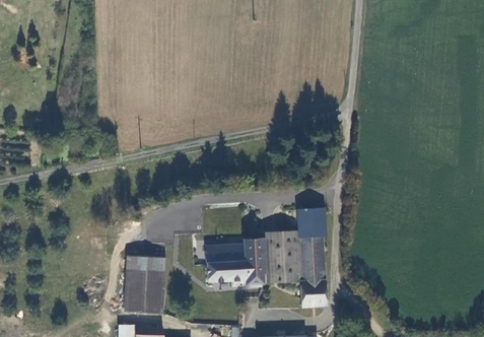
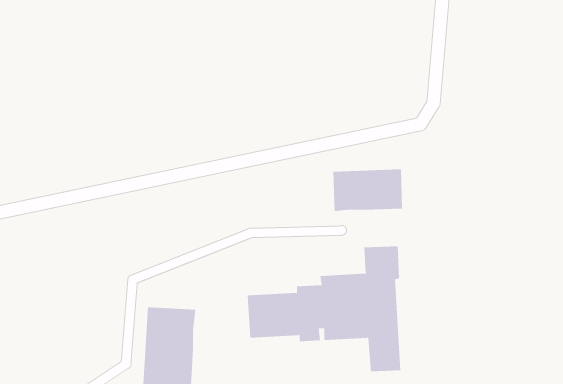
building: none -> [333,169,403,212]

